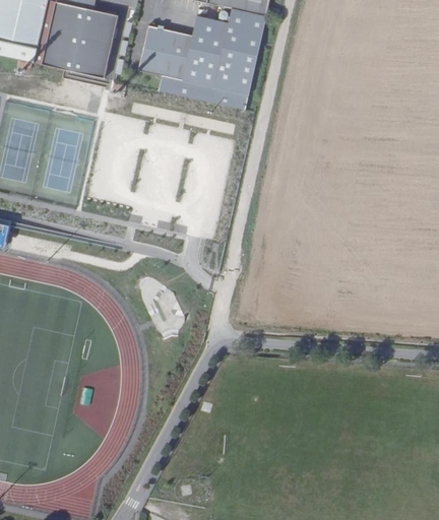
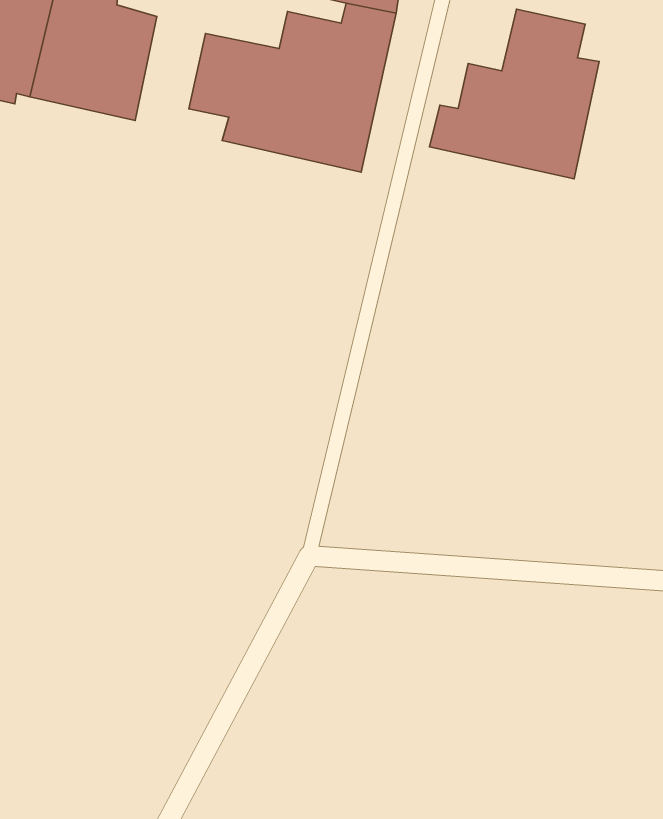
building: none -> [430,9,599,179]

